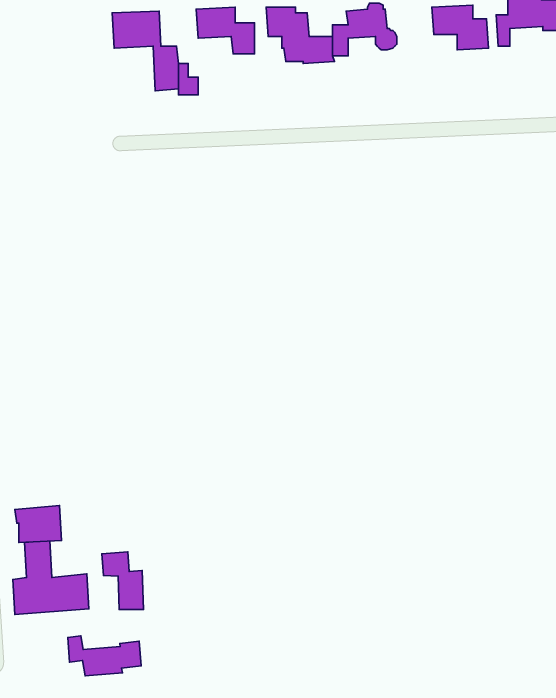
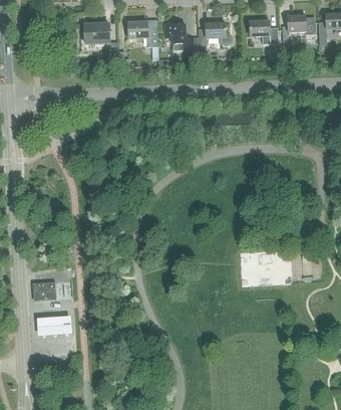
building: [102,552,144,610] -> none
building: [68,636,141,676] -> none

